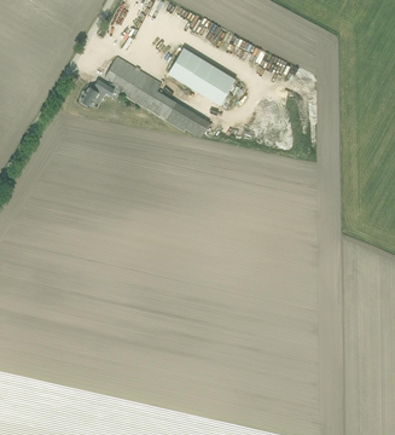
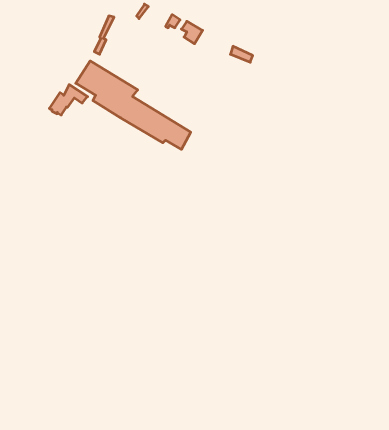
building: [168,47,236,104] -> none

